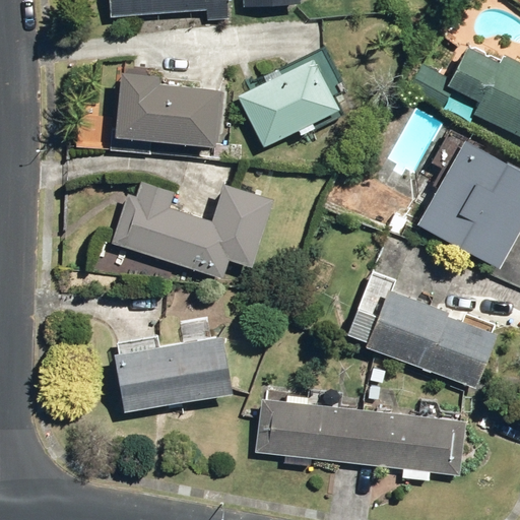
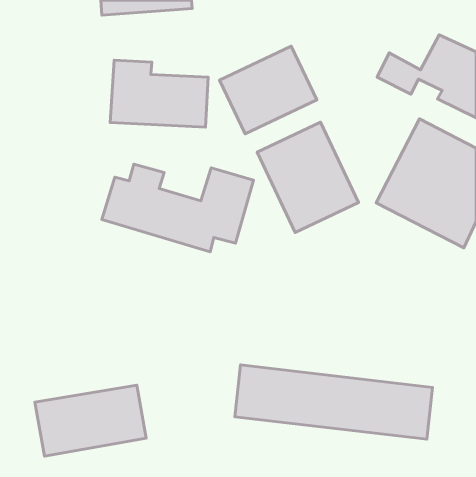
building: none -> [257,122,358,232]
building: [343,279,500,389] -> none
building: [116,336,236,412] -> [35,385,146,456]

